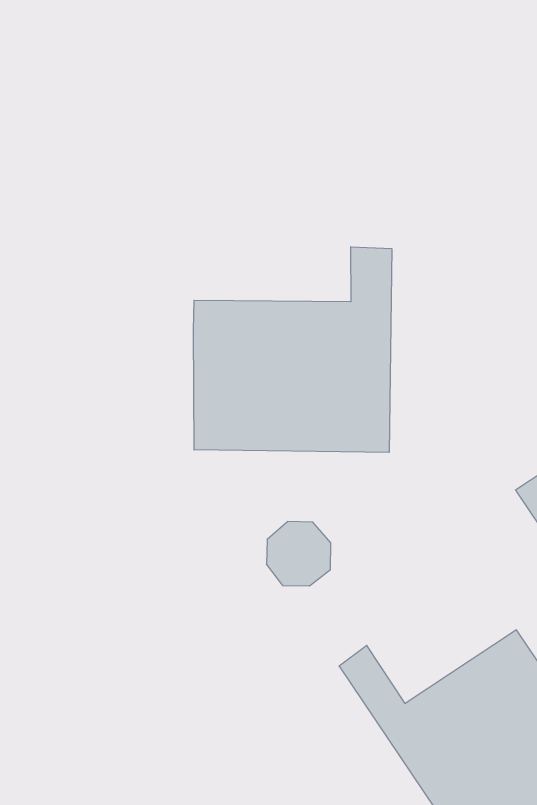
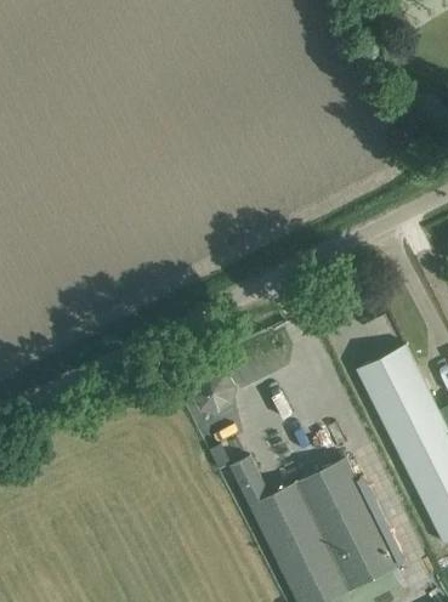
building: [194,247,392,452] -> none

